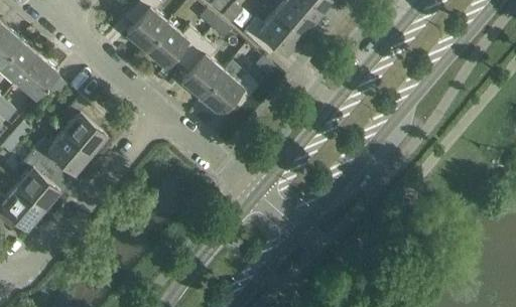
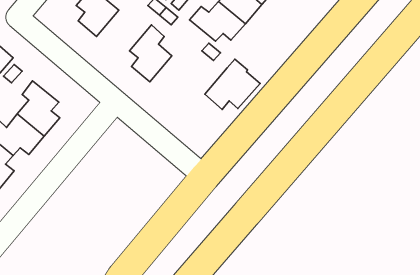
building: [145,24,203,67] -> none
building: [201,62,258,115] -> [205,59,260,110]

